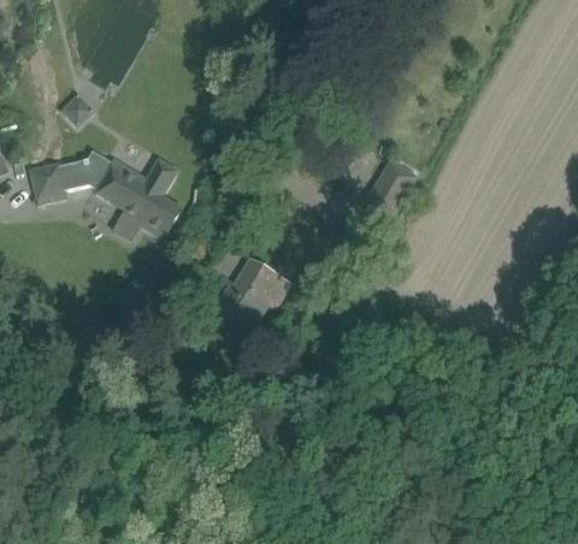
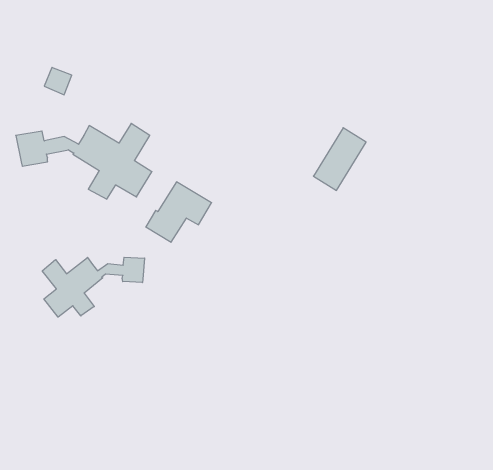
building: [216,260,288,326] -> [146,182,212,242]
building: none -> [42,257,145,317]

